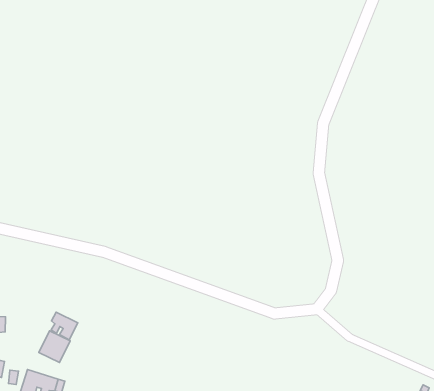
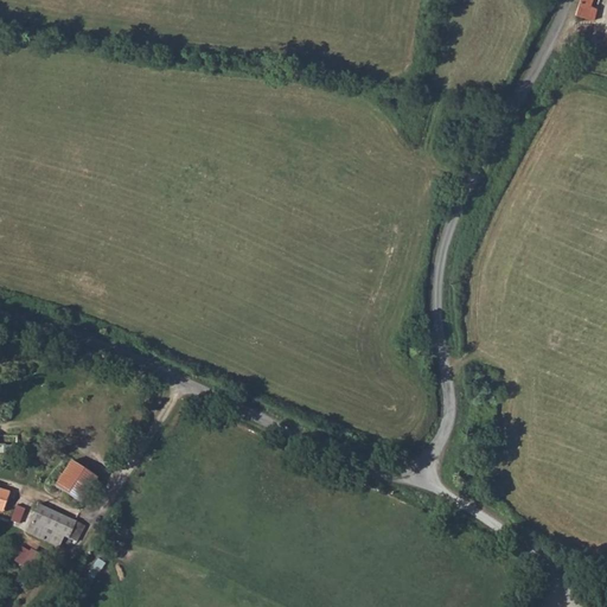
building: [51,312,78,340] -> none

